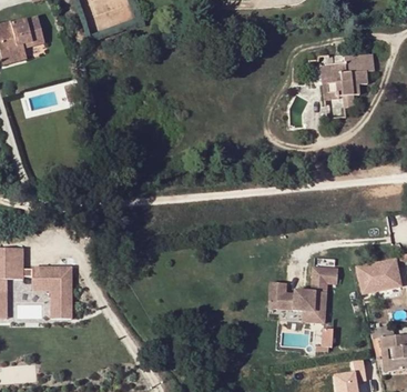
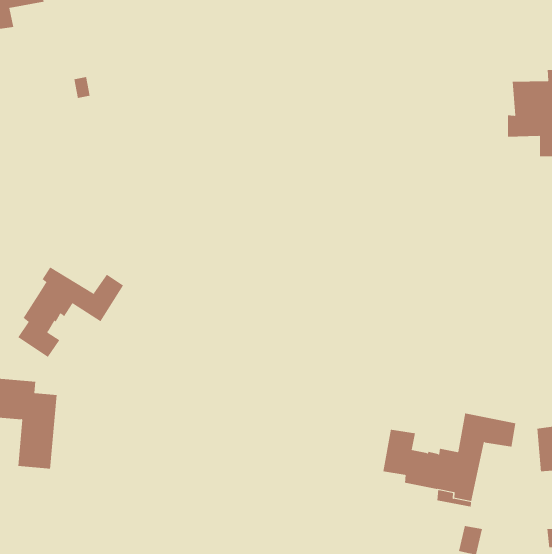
building: none -> [17,266,124,358]

